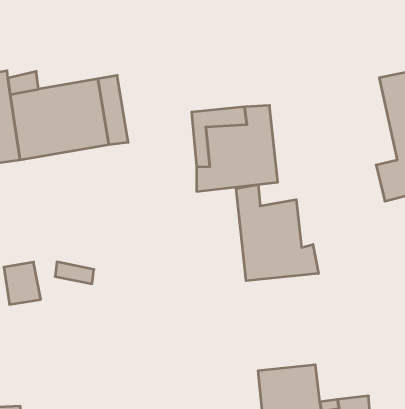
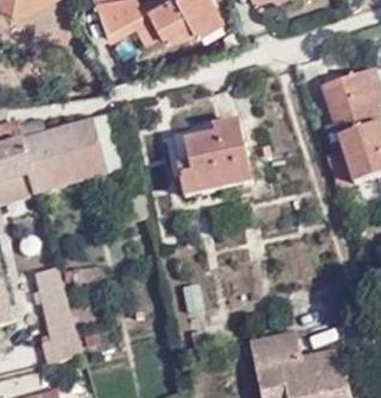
building: [236,185,318,281] -> none
building: none -> [42,271,84,365]

